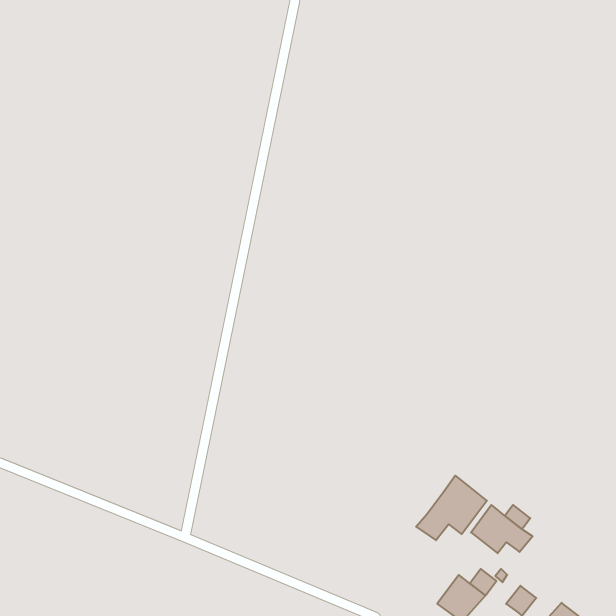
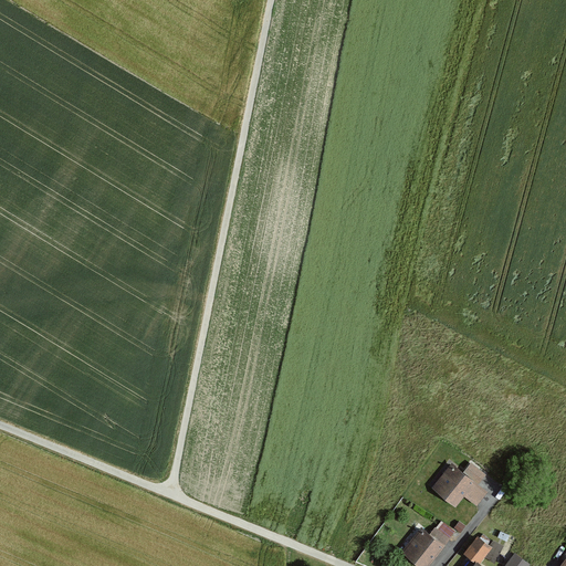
building: [416,476,487,540] -> none

